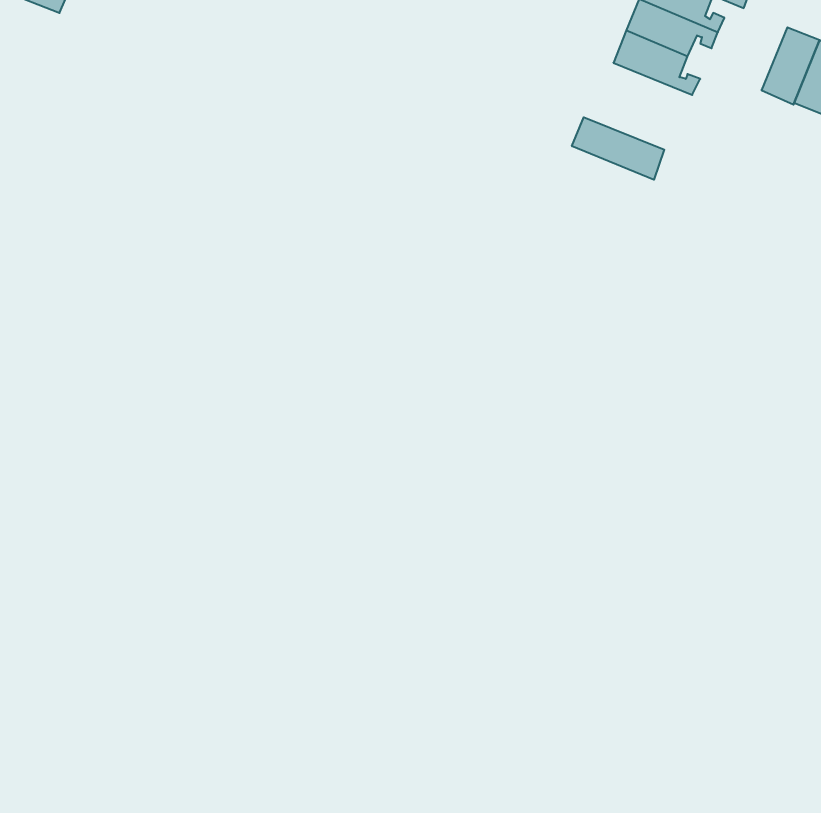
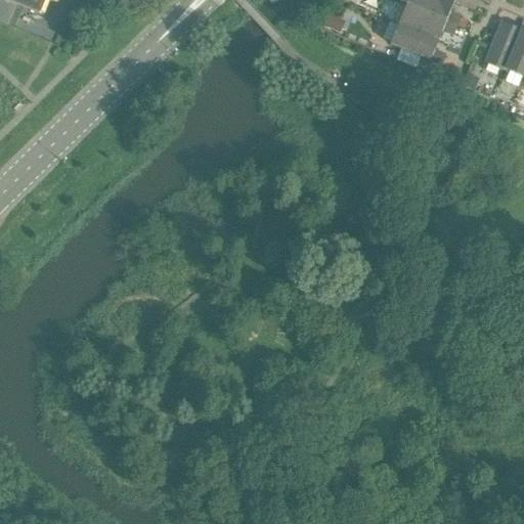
building: [572,117,664,180] -> none

